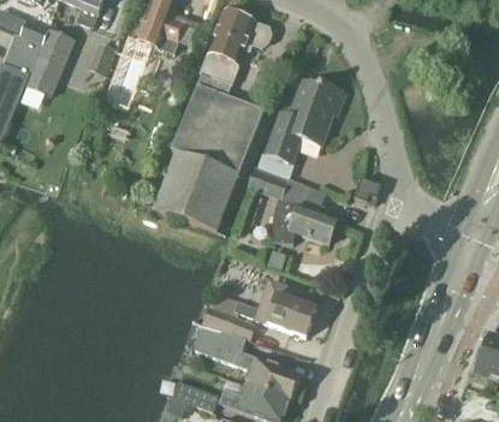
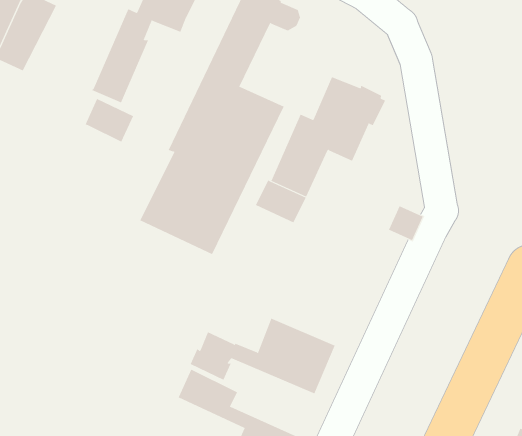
building: none -> [85,98,134,142]
building: [275,201,339,243] -> none

